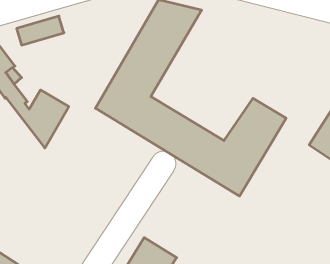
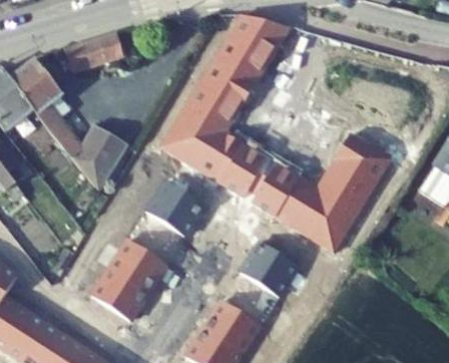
building: none -> [144,176,207,237]
building: none -> [89,239,166,321]
building: none -> [240,242,299,298]

